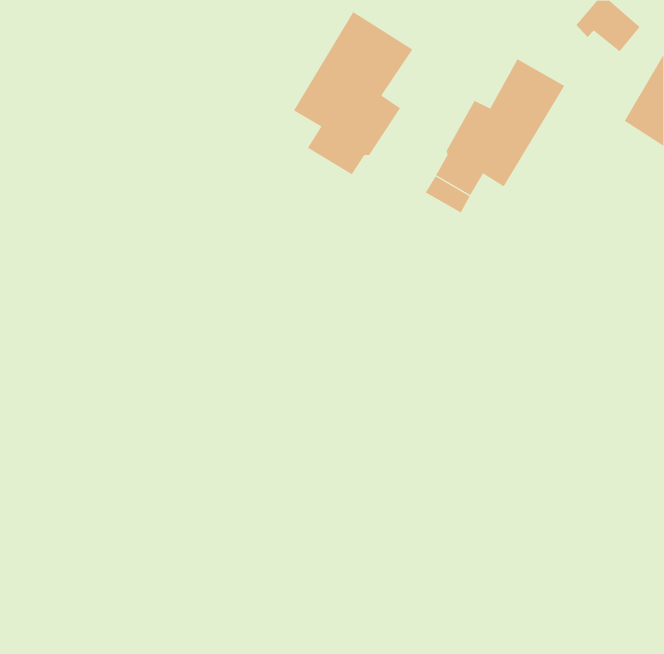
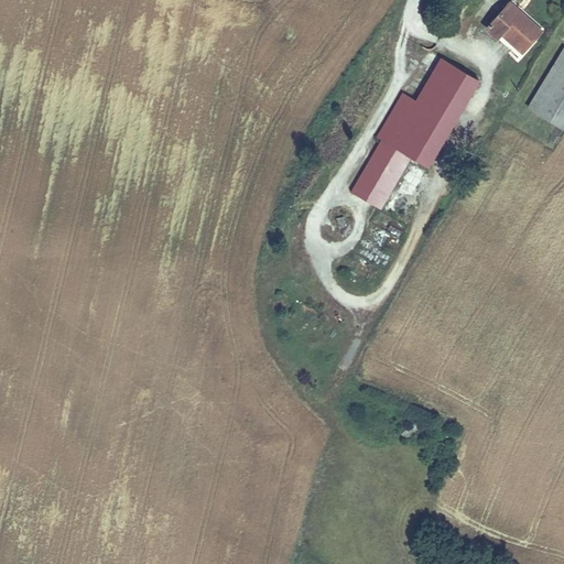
building: [293,11,413,175] -> none
building: none -> [351,172,391,208]

